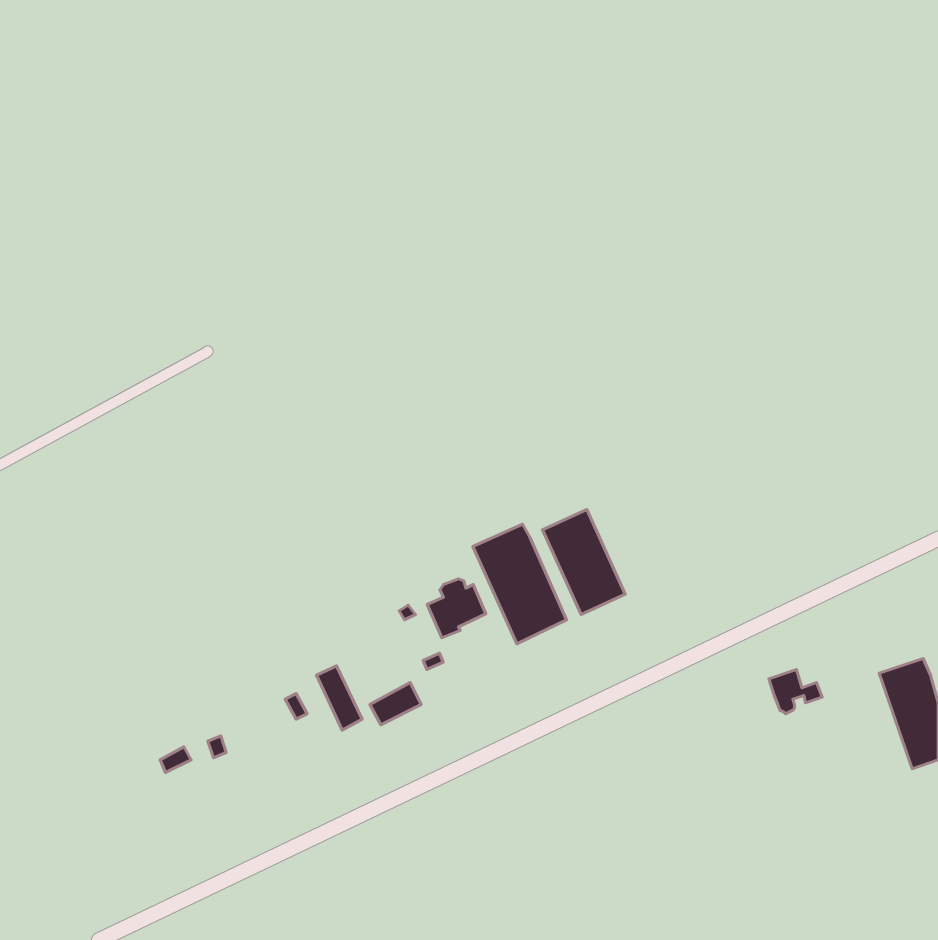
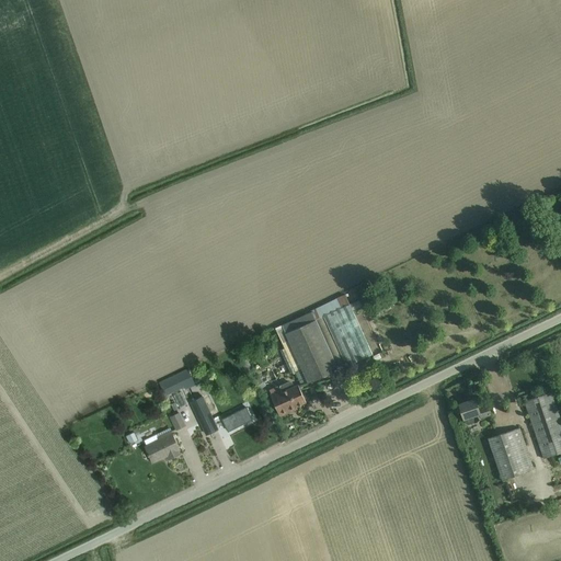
building: [427,579,486,638] -> [271,381,306,416]
building: none -> [158,368,194,397]
building: none -> [488,428,533,480]
building: none -> [142,432,178,462]

